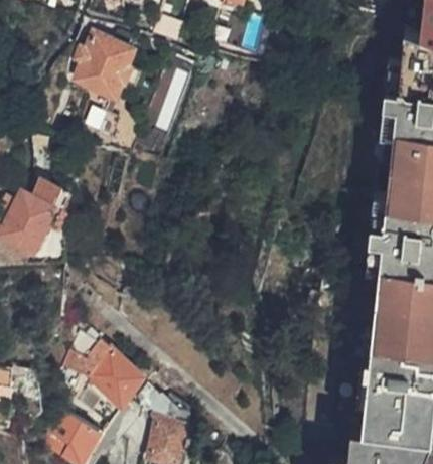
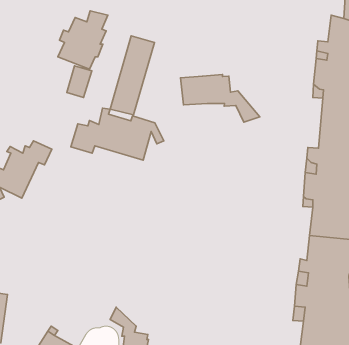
building: none -> [180,74,260,122]
building: none -> [71,108,164,160]
building: [55,331,141,411] -> none

